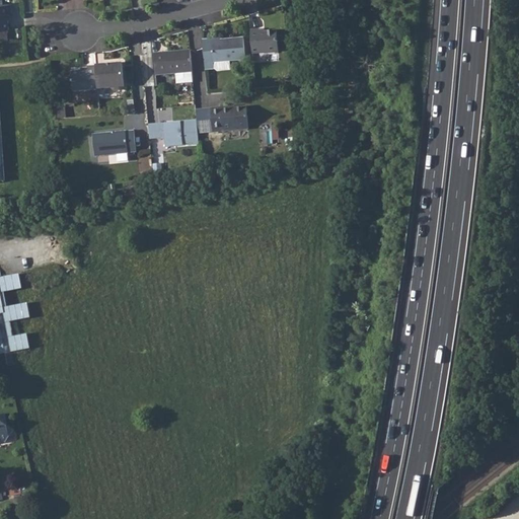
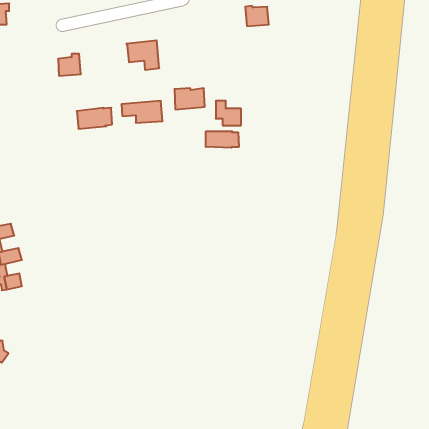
building: [247,29,276,54] -> [245,6,269,26]
building: [201,36,244,70] -> none
building: [95,63,124,90] -> none
building: none -> [206,131,239,148]

